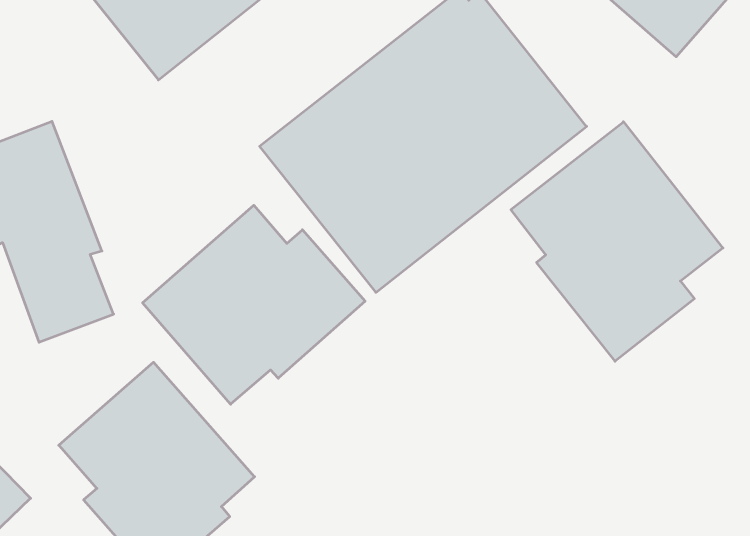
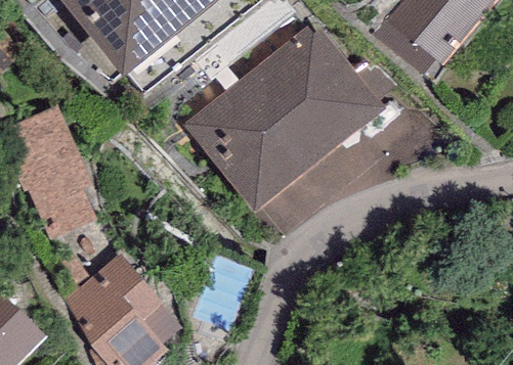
building: [511,122,723,361] -> none
building: [143,205,365,404] -> none

